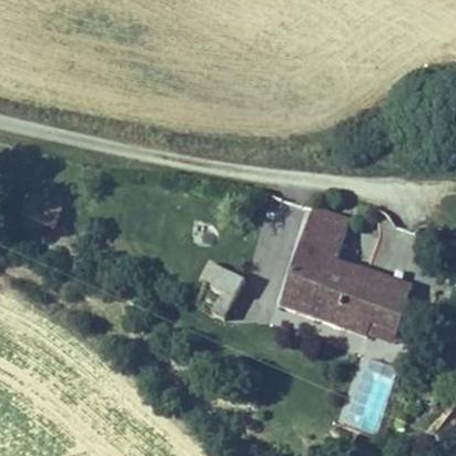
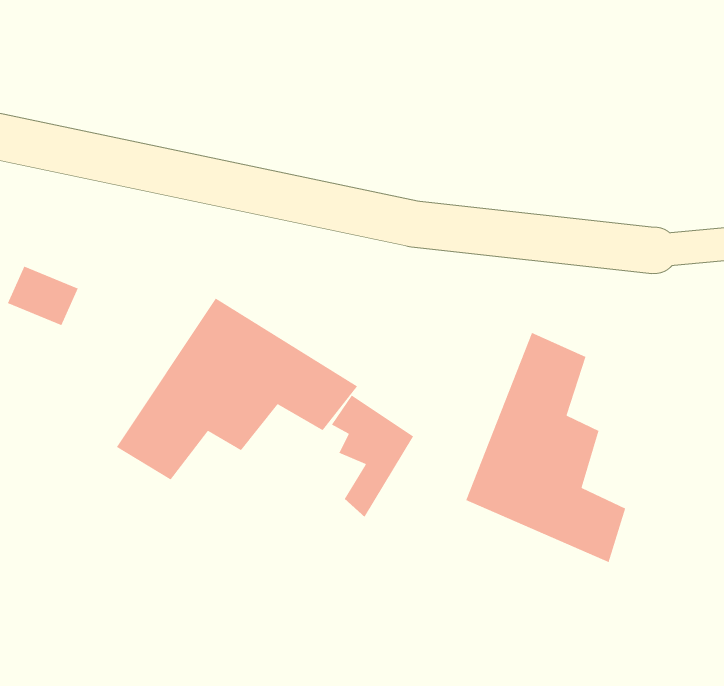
building: none -> [116,298,358,481]
building: [346,274,407,361] -> none

